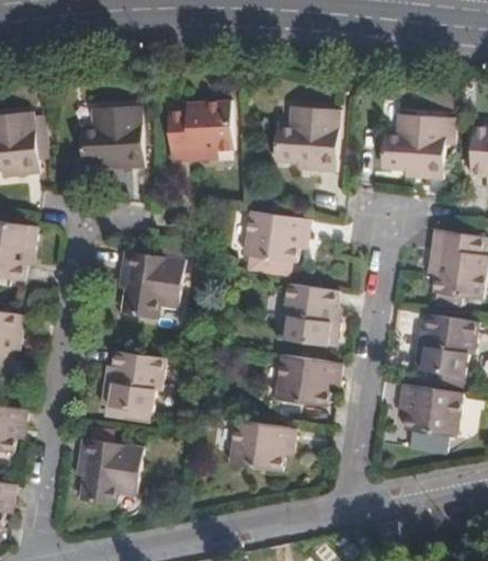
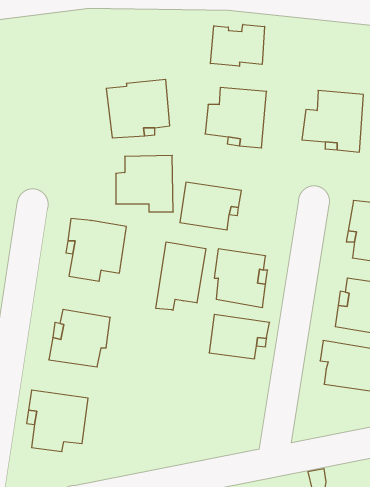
building: none -> [210,24,265,66]
building: [82,110,145,171] -> [116,155,173,212]
building: none -> [156,242,206,310]
building: [229,419,296,470] -> none

